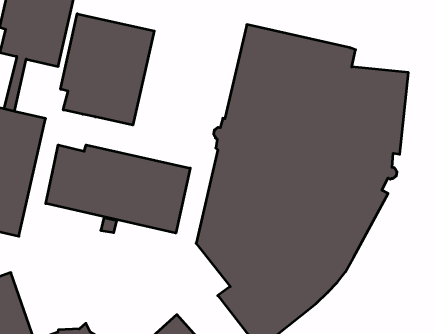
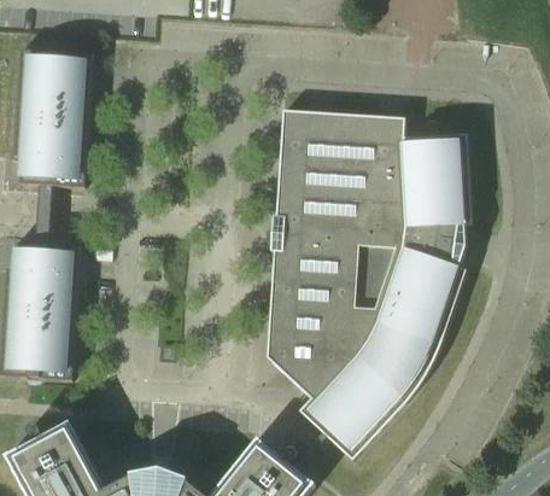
building: [61,14,154,125] -> none
building: [46,145,190,233] -> none

